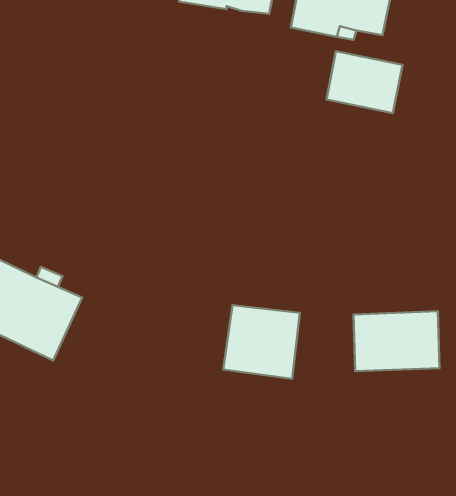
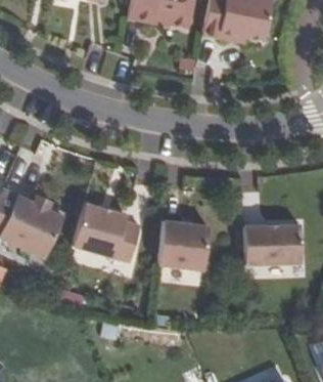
building: [326,51,402,113] -> none
building: none -> [73,203,141,261]

